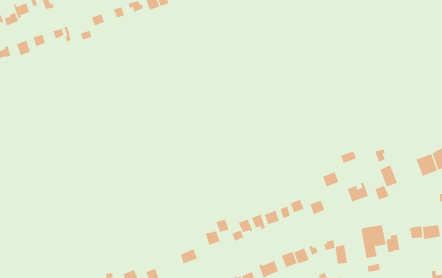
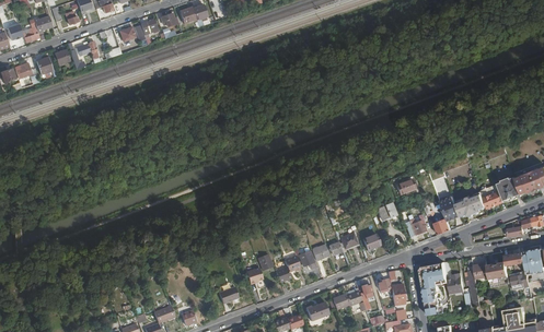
building: none -> [454,190,486,214]

